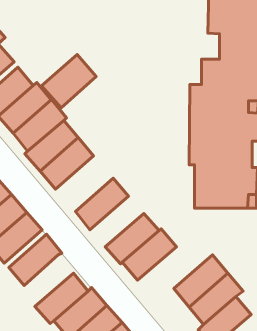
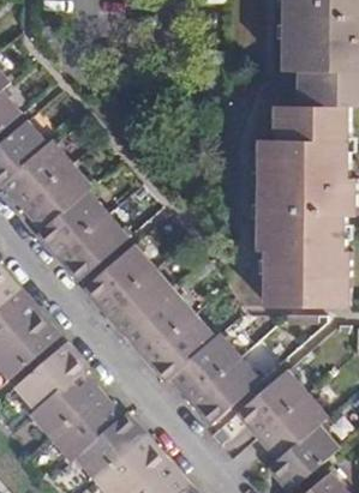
building: [41,55,96,108] -> none
building: none -> [82,244,154,311]
building: none -> [122,290,195,357]
building: none -> [186,357,258,426]
building: none -> [29,368,101,437]

